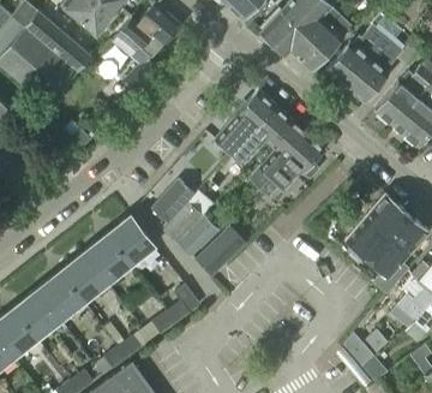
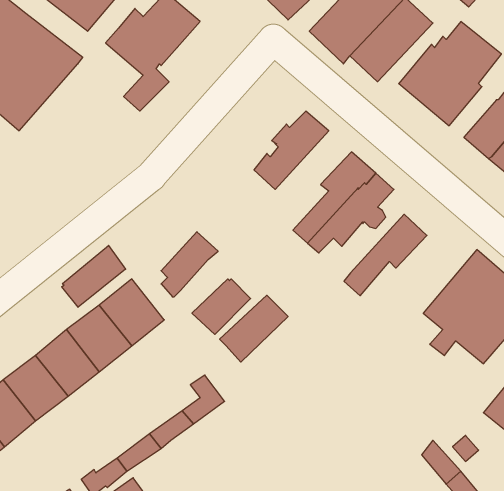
building: [232,106,293,166] -> [344,214,427,296]
building: none -> [62,245,126,307]
building: [162,201,202,240] -> none

